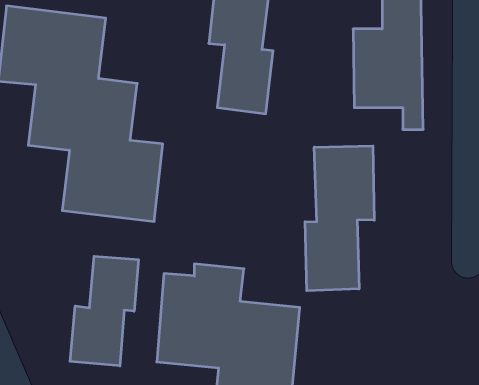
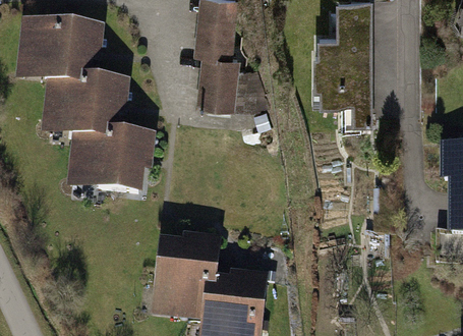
building: [305,146,374,291] -> none
building: [70,256,138,366] -> none

